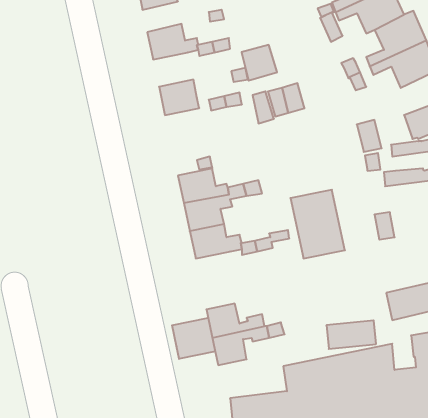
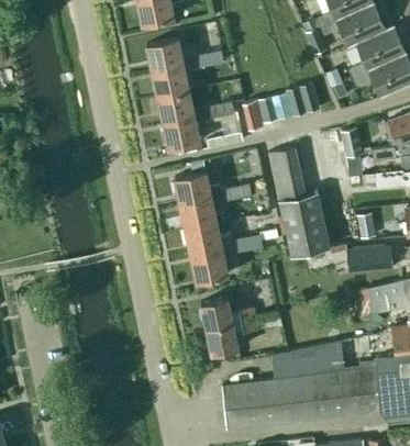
building: [242,45,277,81] -> [286,83,319,116]
building: none -> [151,65,188,97]
building: none -> [162,116,199,155]
building: none -> [267,147,306,200]
building: none -> [190,249,228,282]
building: [172,318,215,359] -> none
building: [326,320,376,349] -> [346,246,392,272]

